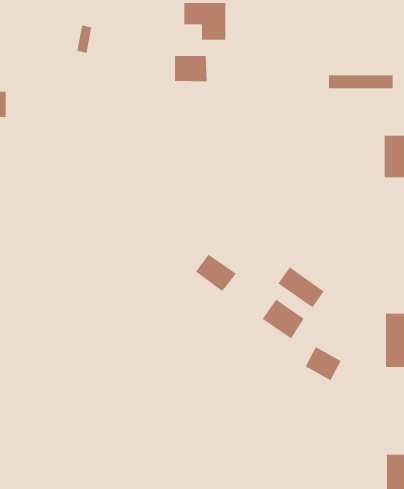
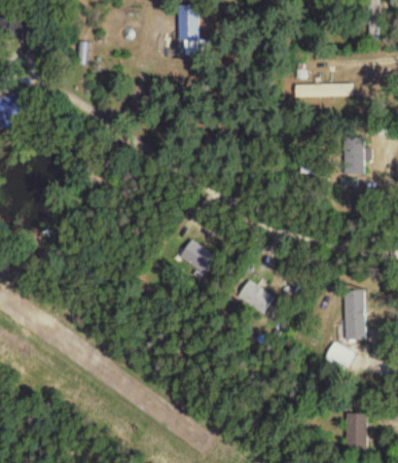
building: [174,55,207,82] -> none
building: [278,267,325,308] -> none
building: [305,346,342,381] -> [324,342,356,371]

